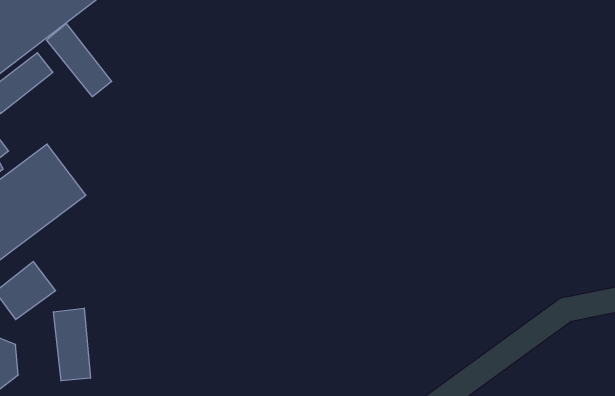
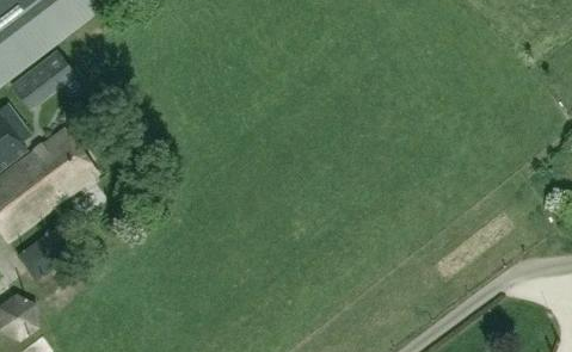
building: [47,23,112,97] -> none
building: [54,308,90,381] -> none

